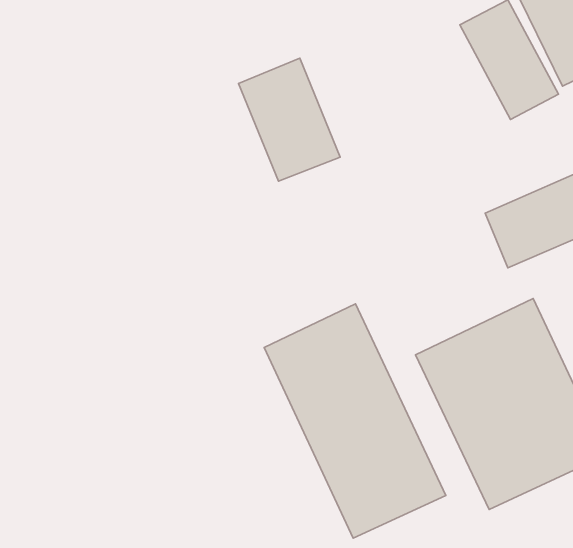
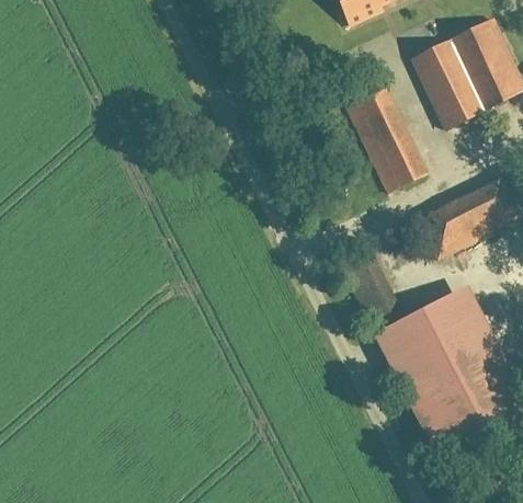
building: [239,58,340,181] -> [351,91,434,192]
building: [264,304,446,538] -> none

